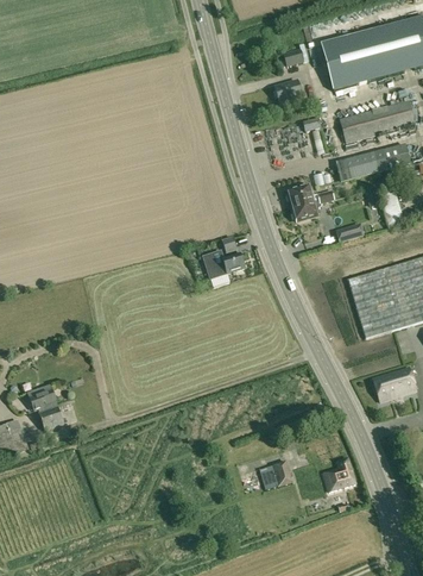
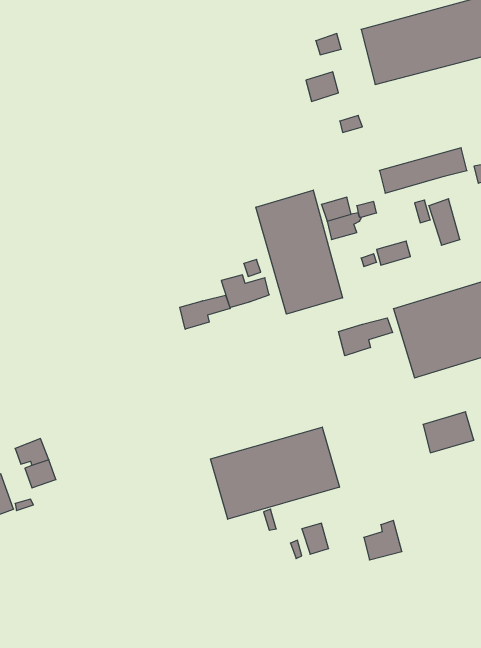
building: [340,99,415,142] -> none
building: none -> [256,190,343,314]
building: none -> [180,295,230,329]
building: none -> [339,318,393,356]
building: none -> [210,427,339,519]

